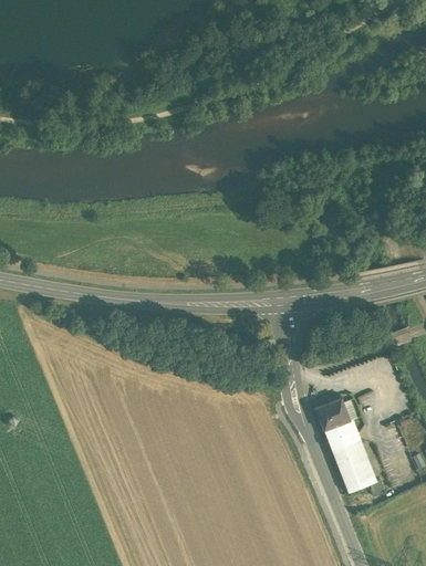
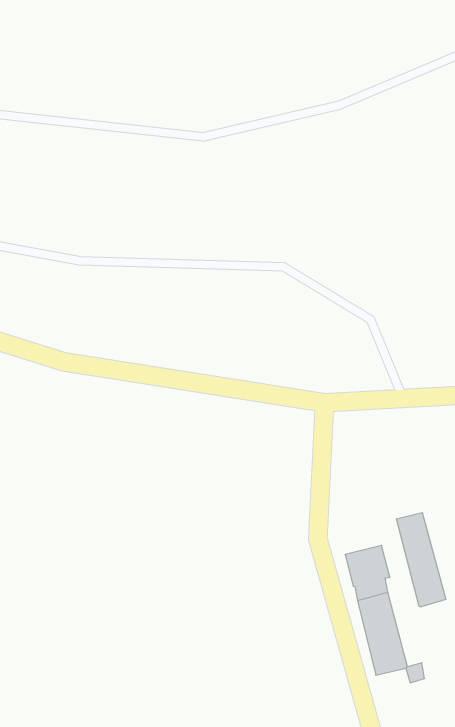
building: none -> [396,513,446,607]

